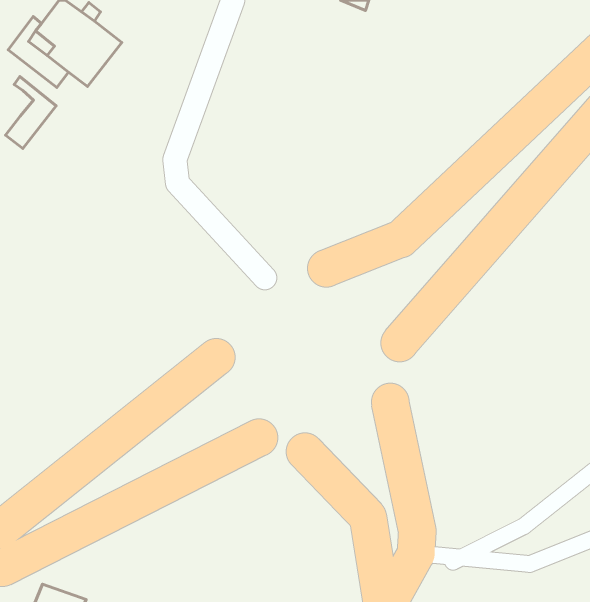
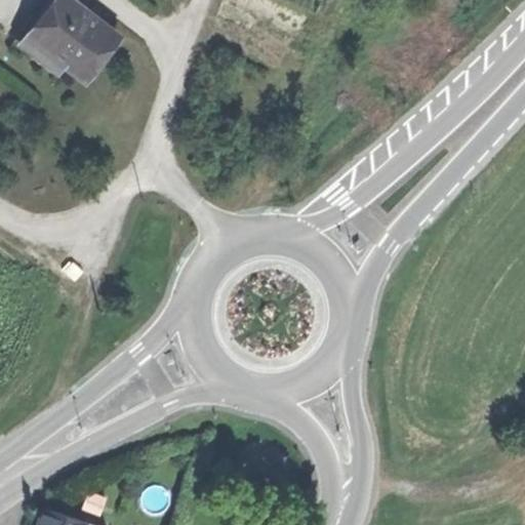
building: [6,76,56,149] -> none

